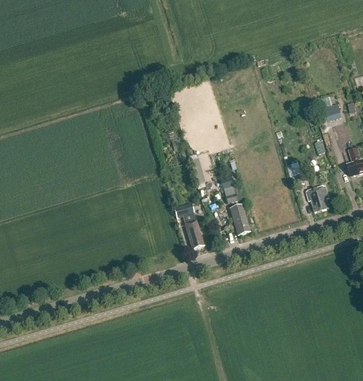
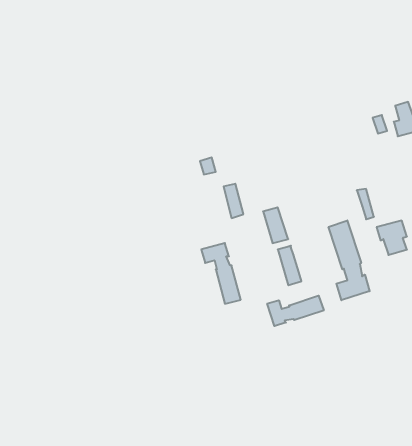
building: none -> [329,220,370,300]
building: none -> [267,296,324,326]

